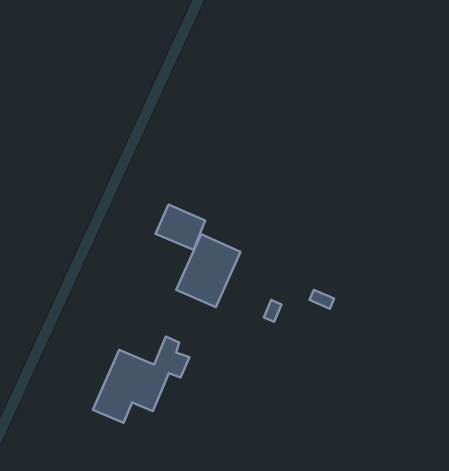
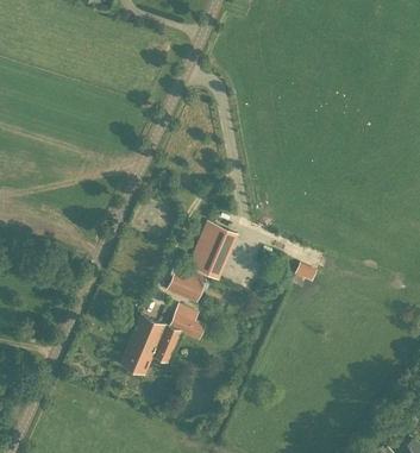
building: [155,205,205,250] -> [165,266,206,303]

